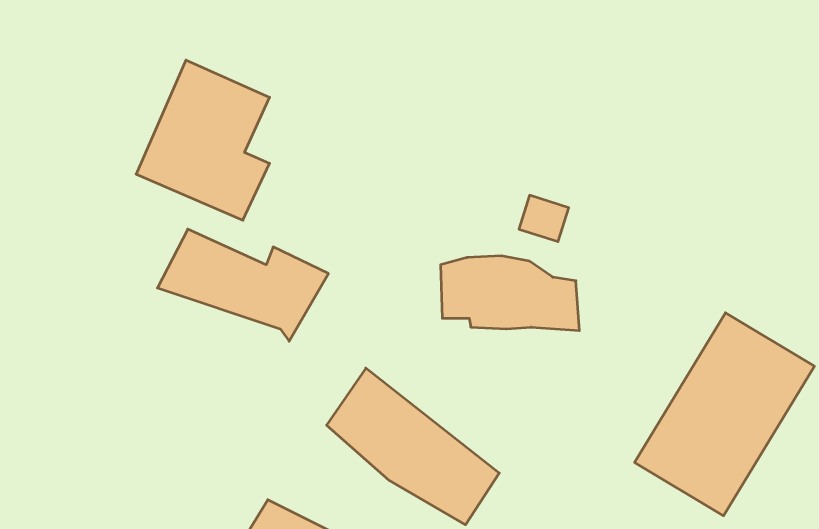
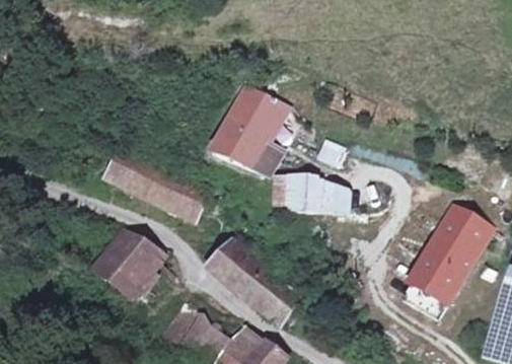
building: [136,60,270,220] -> [213,86,289,177]
building: none -> [100,233,158,294]

